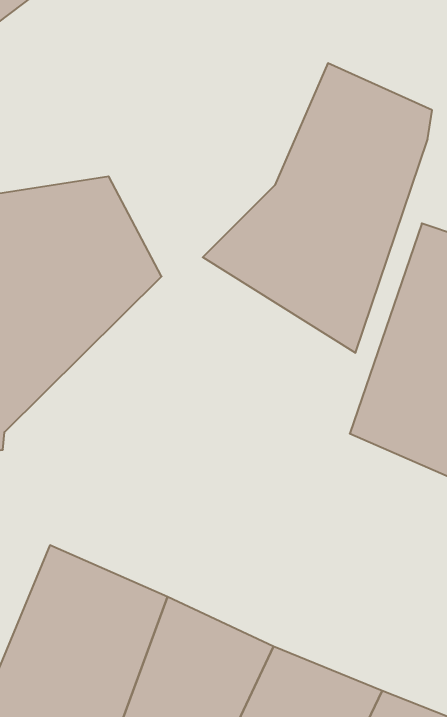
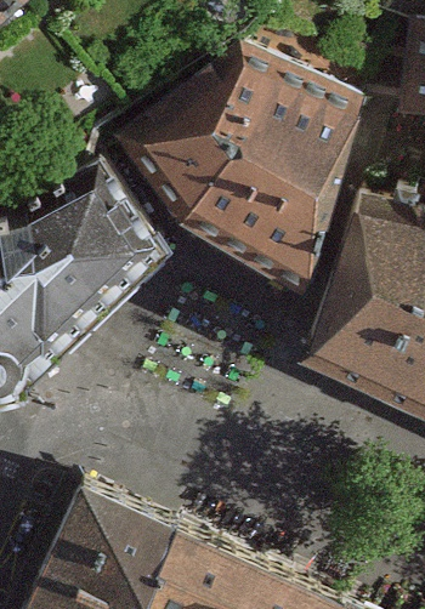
building: none -> [129,52,289,226]

